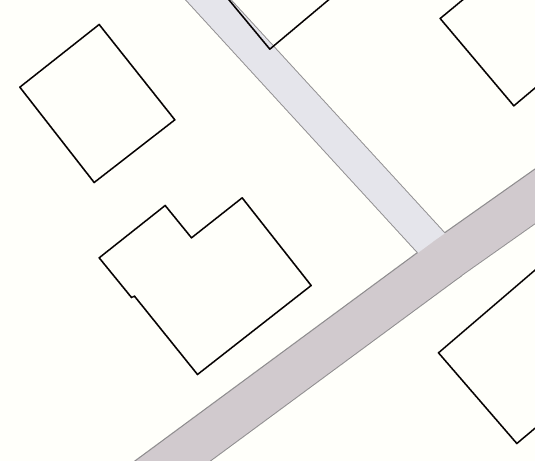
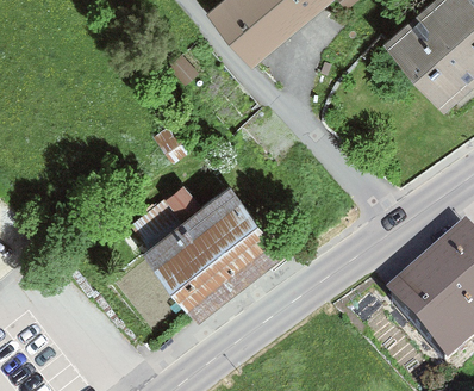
building: [20,24,175,182] -> none

